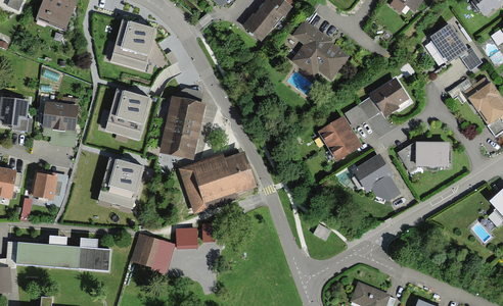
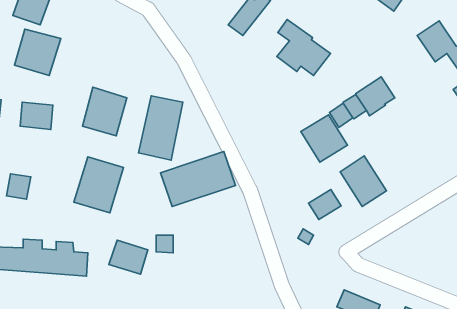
building: [112,20,157,65] -> [14,29,61,76]
building: [413,144,449,166] -> none
building: none -> [308,190,341,220]

